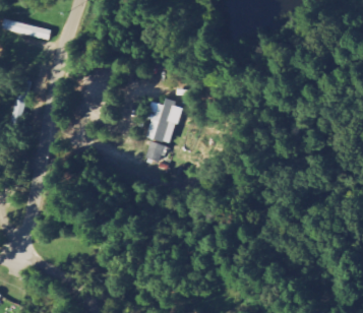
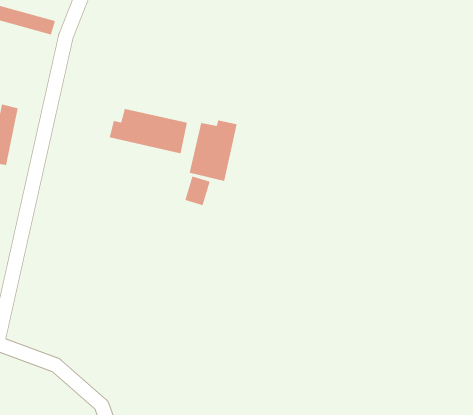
building: none -> [109,108,187,154]

